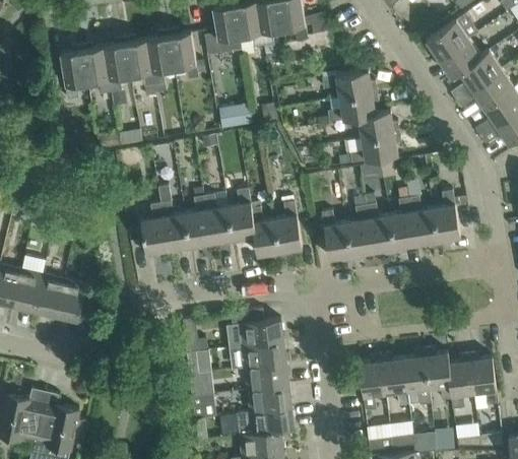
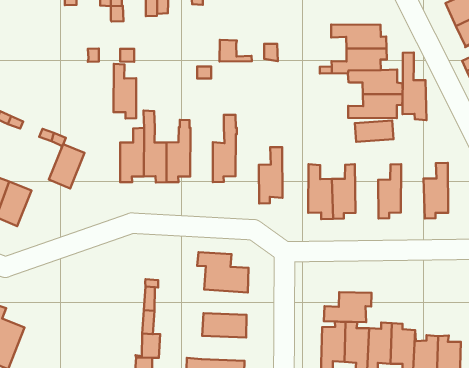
building: [406,184,439,247] -> [403,52,426,120]
building: [204,195,234,246] -> [113,64,136,118]
building: [248,195,280,258] -> none
building: [365,203,395,255] -> none
building: [56,279,85,320] -> [49,144,84,188]
building: none -> [324,292,372,322]
building: [242,342,285,369] -> none
building: [247,385,290,412] -> none

